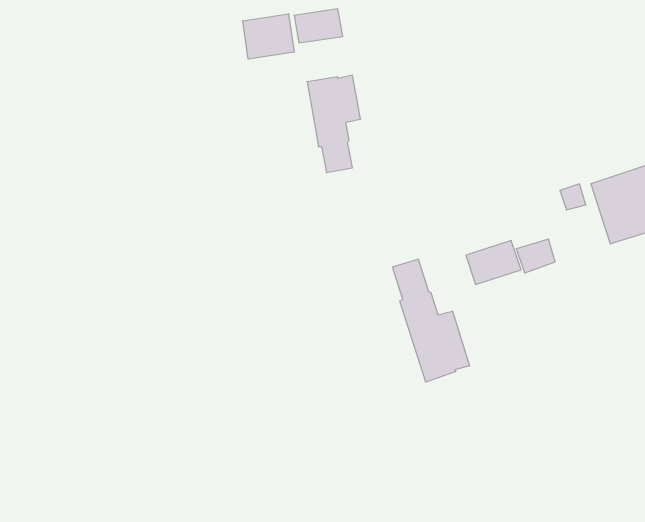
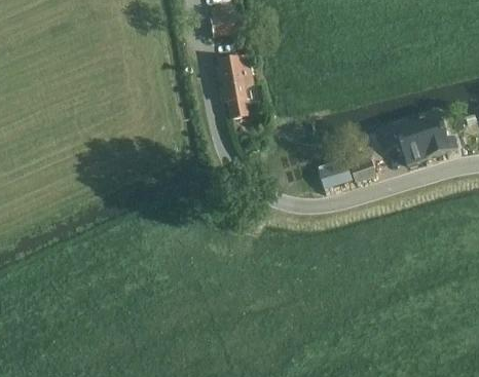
building: [243,14,294,59] -> none
building: [393,259,470,382] -> none

